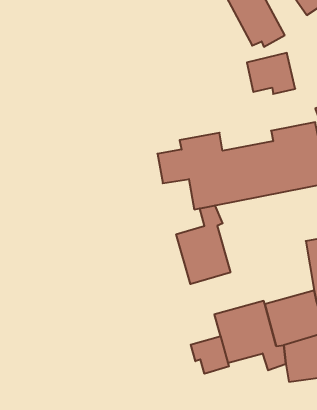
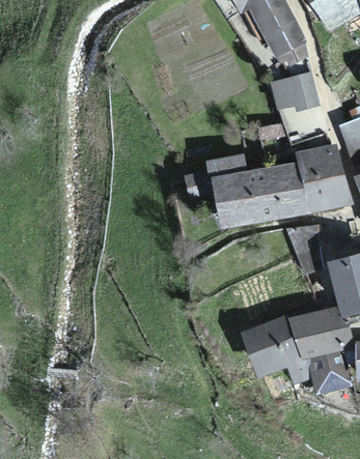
building: [176,205,230,284] -> none
building: [191,336,229,374] -> none

